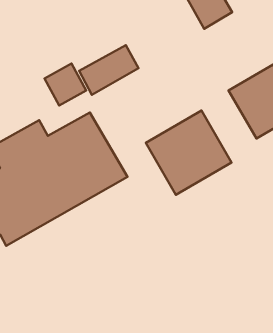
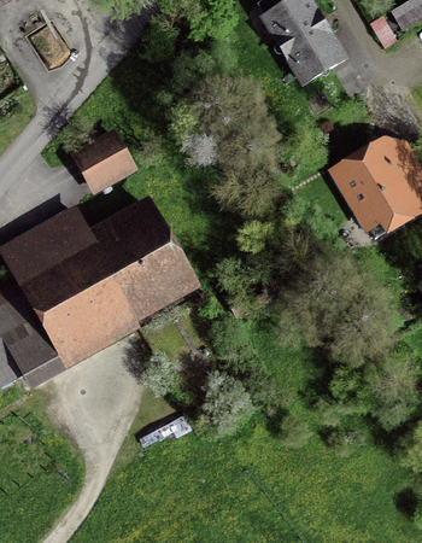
building: [79,45,139,95] -> none
building: [146,110,231,195] -> none

